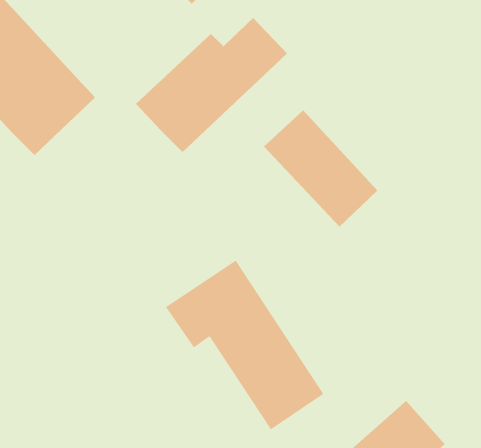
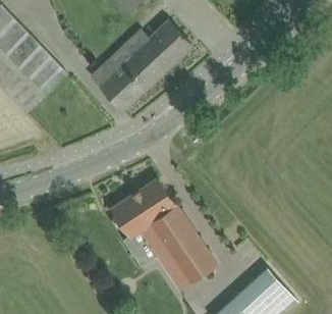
building: [263,110,378,228] -> none

